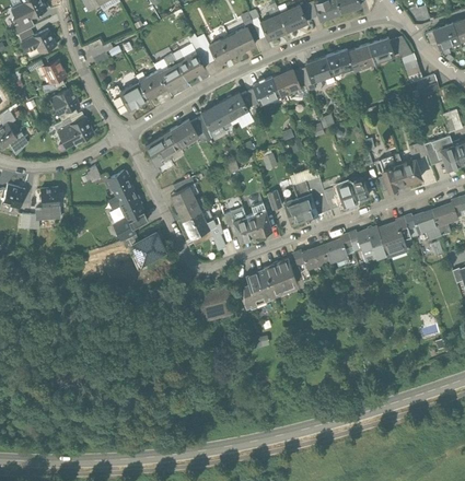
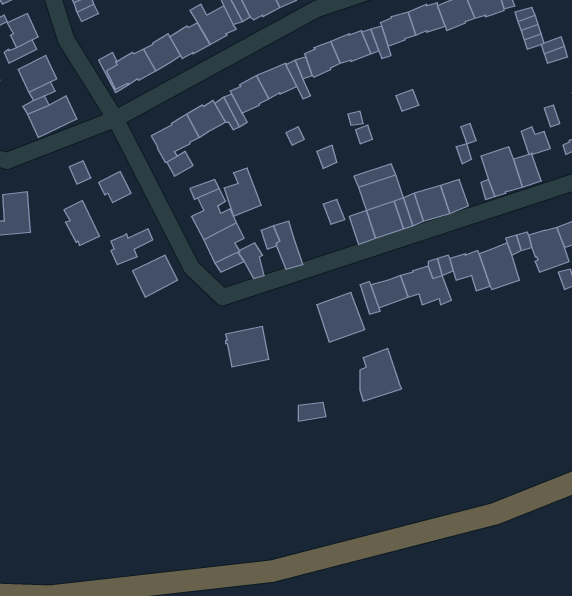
building: [118,187,143,219] -> [64,201,100,246]
building: [246,203,272,237] -> [224,168,261,216]
building: [243,266,272,303] -> [360,348,402,401]

